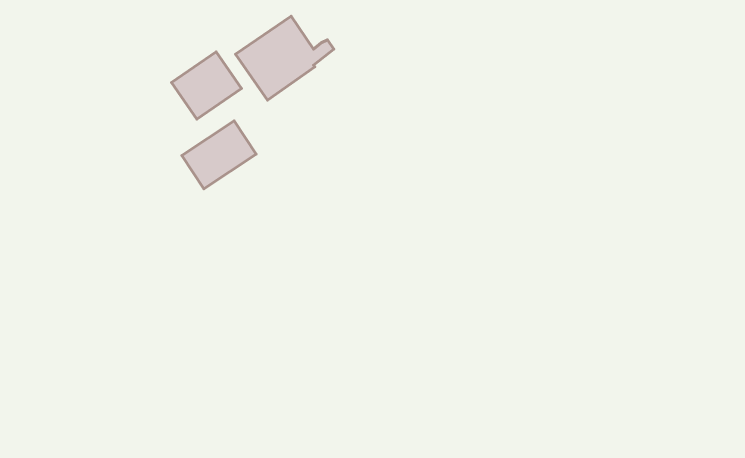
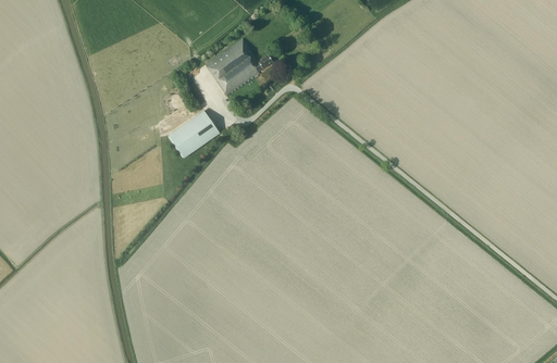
building: [172,52,242,119] -> none

